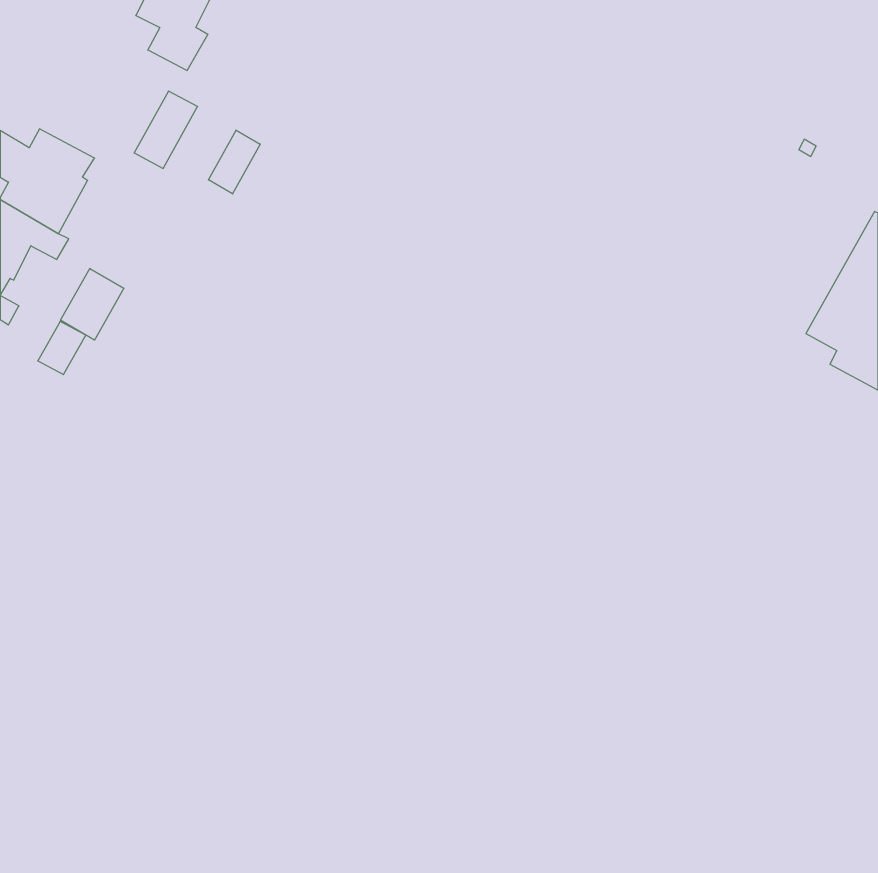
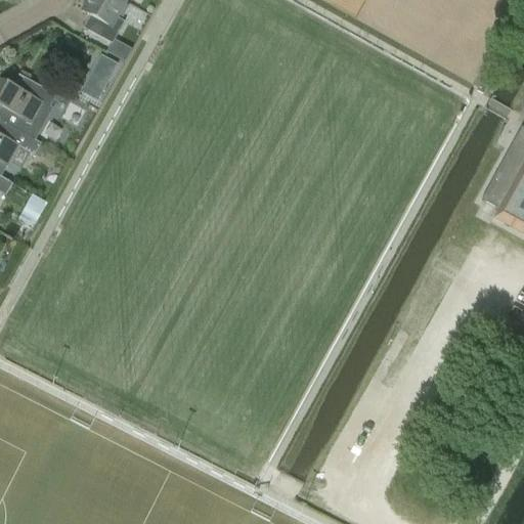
building: [208,130,260,194] -> none
building: [61,268,124,340] -> none

